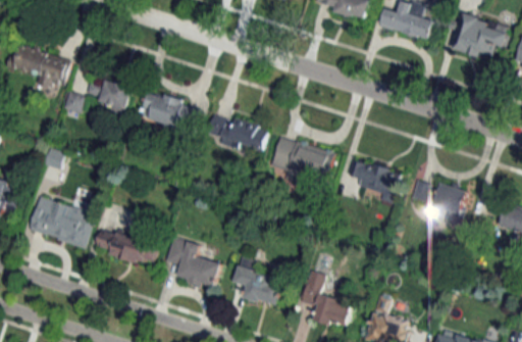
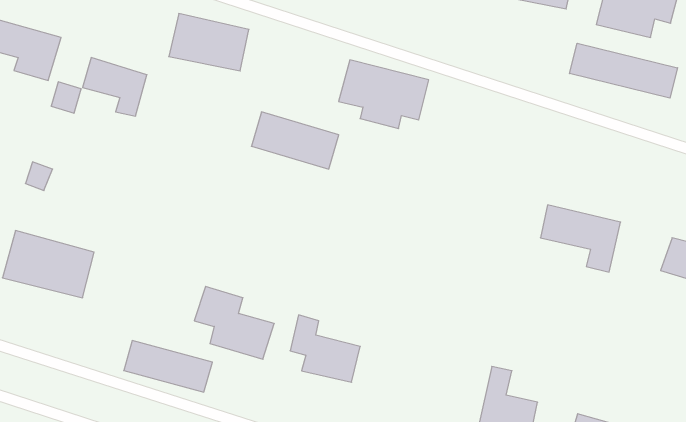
building: none -> [570,43,678,98]
building: [140,91,197,132] -> [169,14,249,71]
building: [270,137,334,186] -> [339,60,429,129]
building: [350,160,404,196] -> none
building: [95,229,158,265] -> [124,341,212,392]
building: [301,270,353,328] -> none

